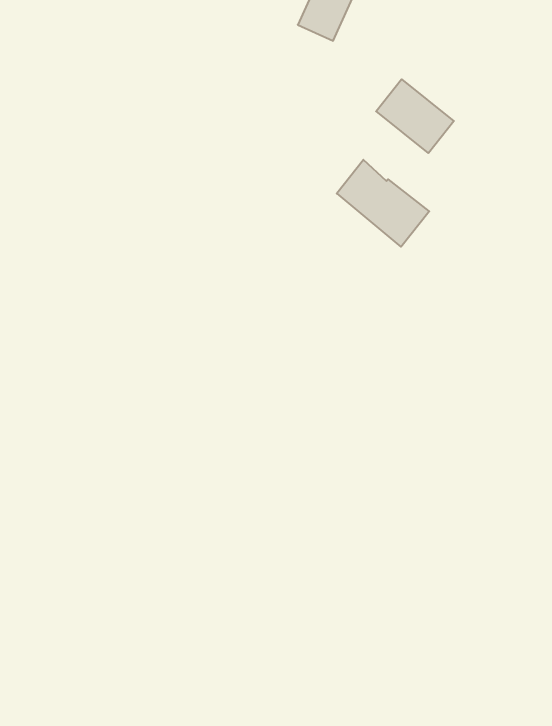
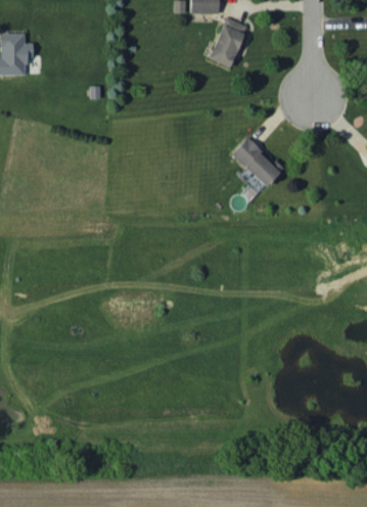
building: [376,79,454,153] -> none

